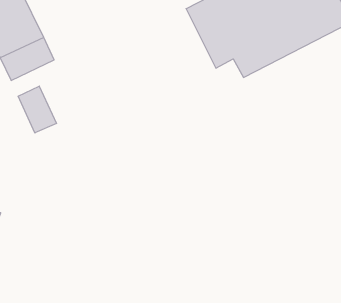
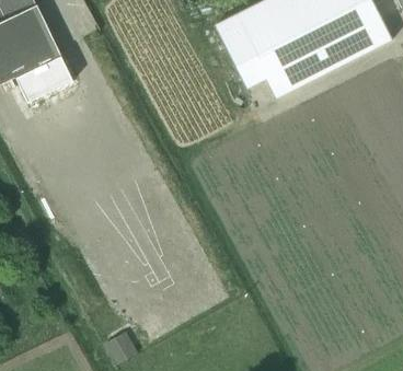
building: [18,86,57,133] -> none

